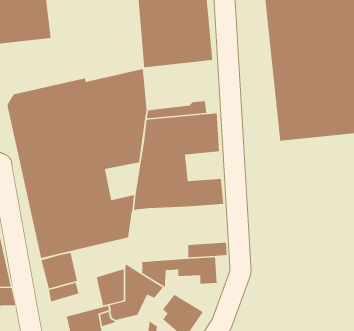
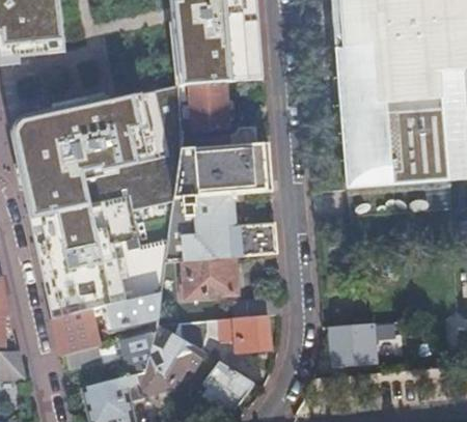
building: none -> [180,83,231,132]
building: none -> [186,257,236,294]
building: none -> [107,294,162,331]
building: none -> [332,326,379,367]

